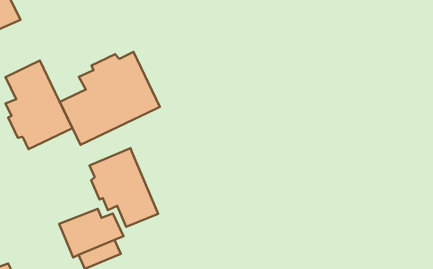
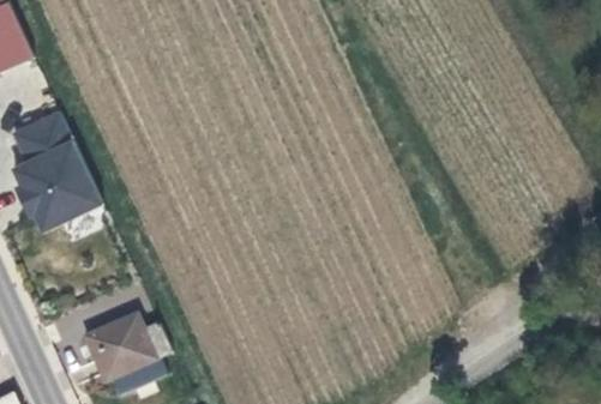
building: [60,52,160,145] -> none
building: [90,148,158,227] -> none

